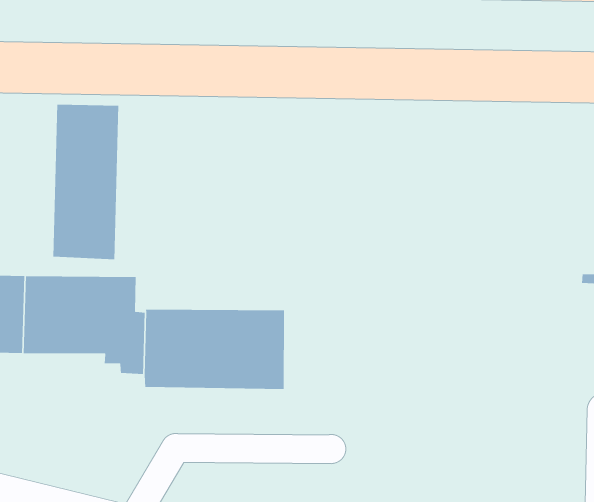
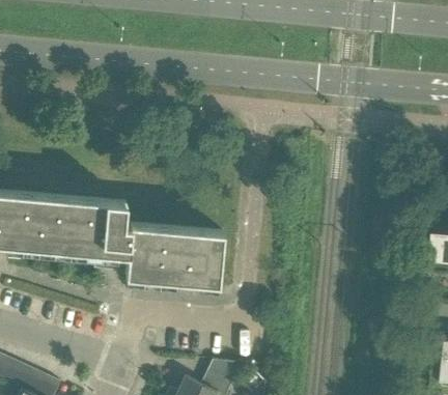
building: [53,104,119,260] -> none

